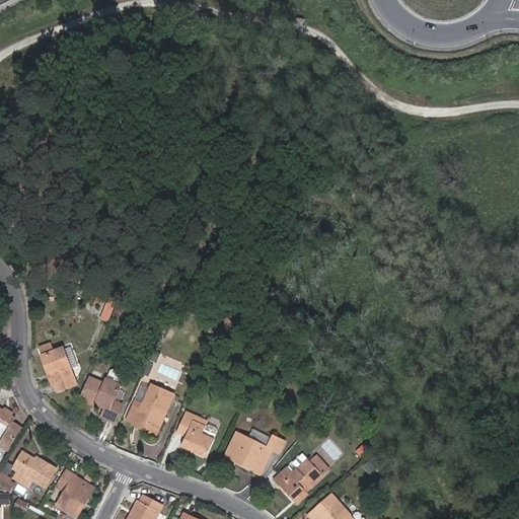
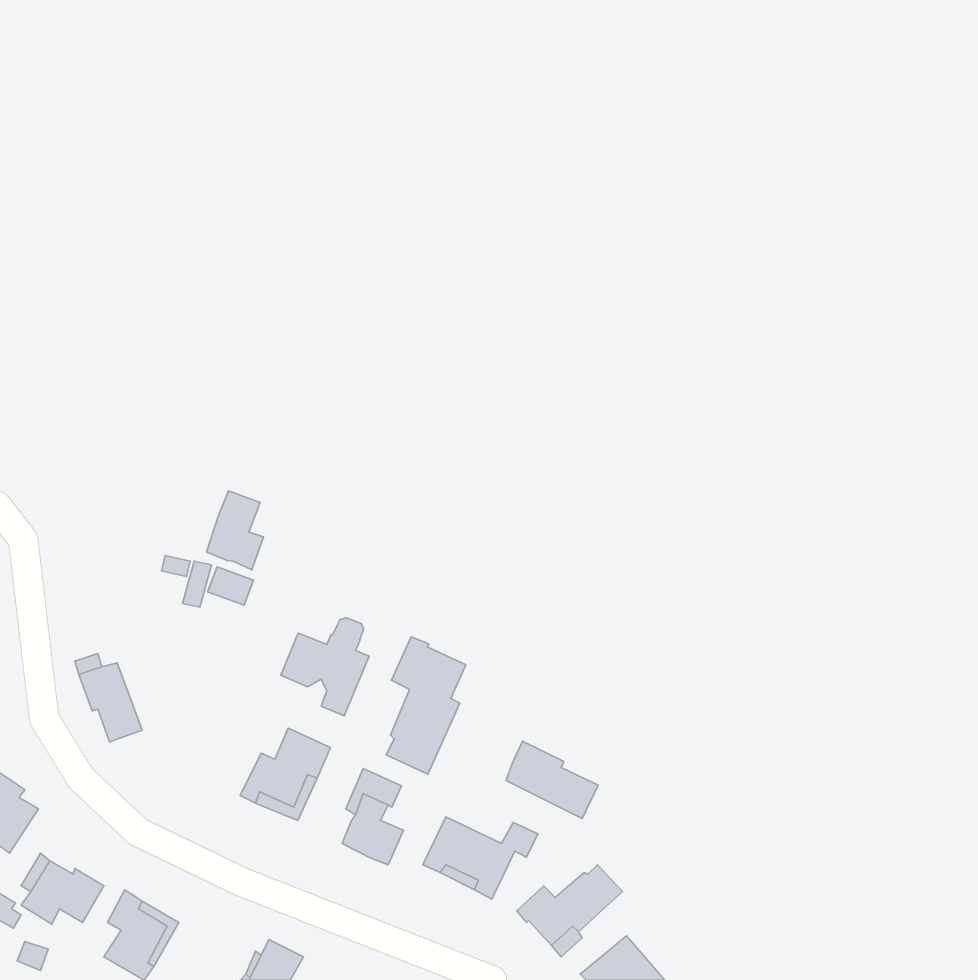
building: none -> [206,491,264,570]
building: none -> [386,637,466,774]
building: [79,369,126,421] -> [281,618,369,716]
building: none -> [506,741,598,818]

